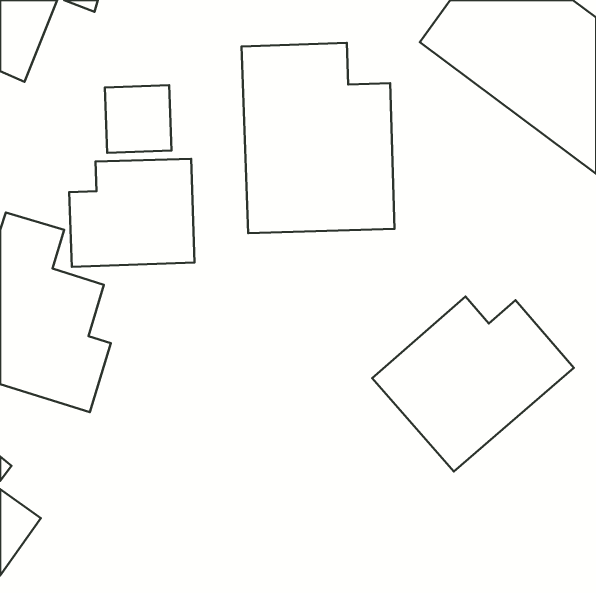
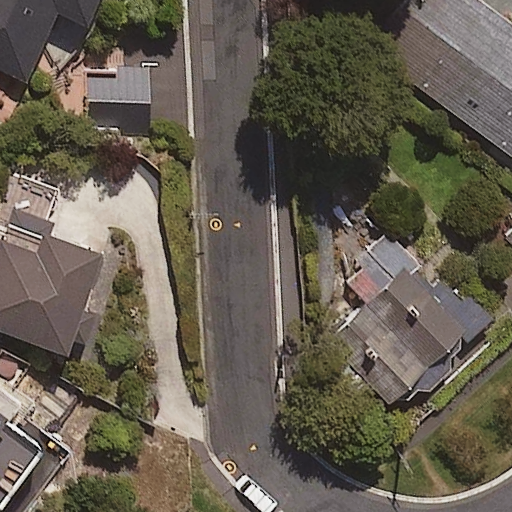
building: [241,43,395,233] -> none
building: [69,159,194,267] -> none

